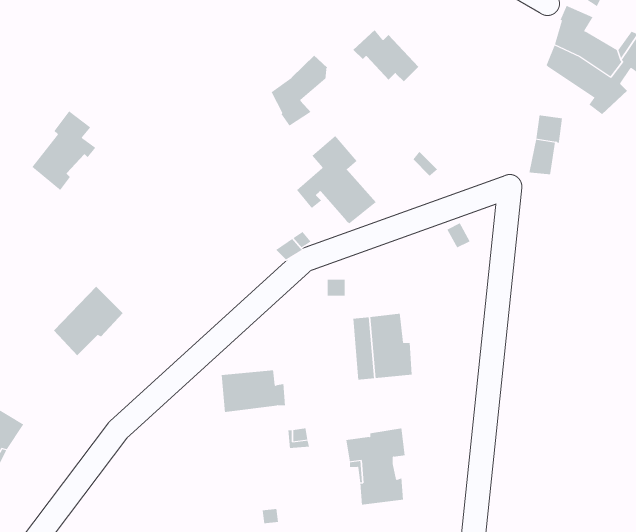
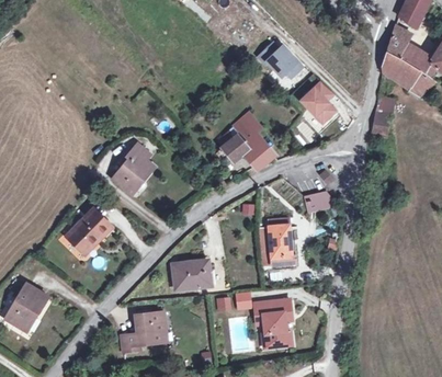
building: [271,55,328,127] -> none
building: none -> [302,81,336,122]
building: [31,110,96,191] -> [113,142,155,194]
building: none -> [304,190,336,213]
building: none -> [122,311,167,351]

